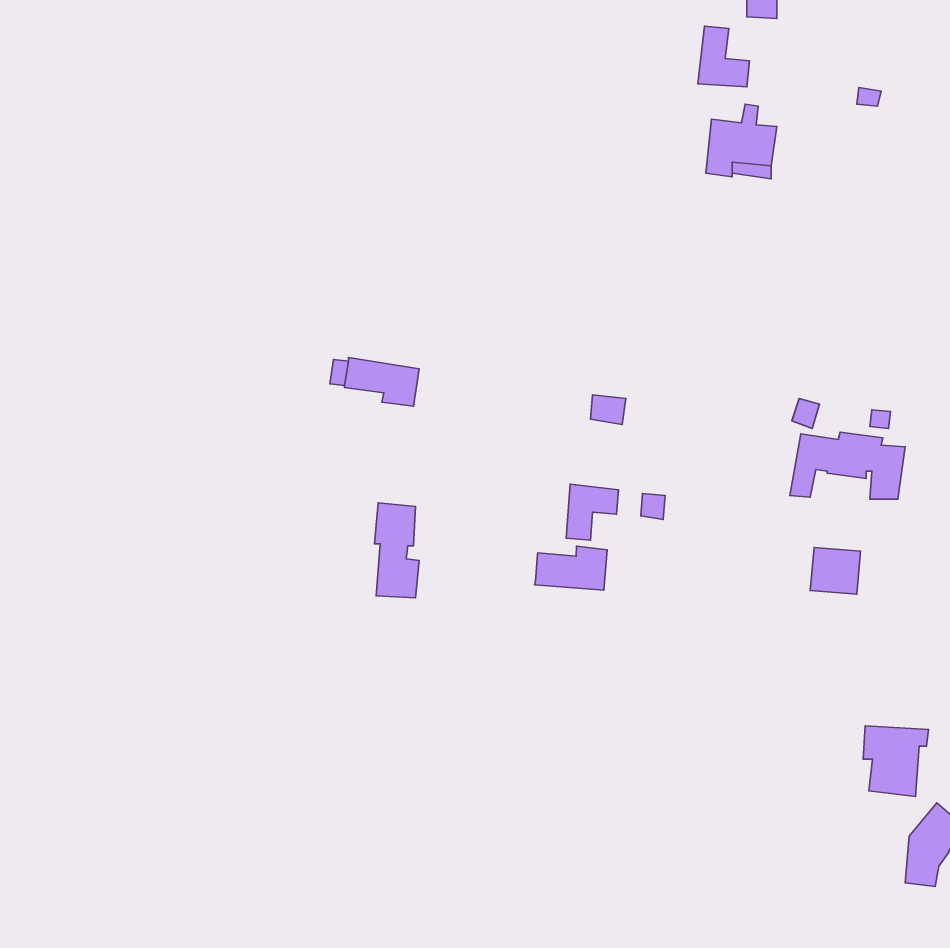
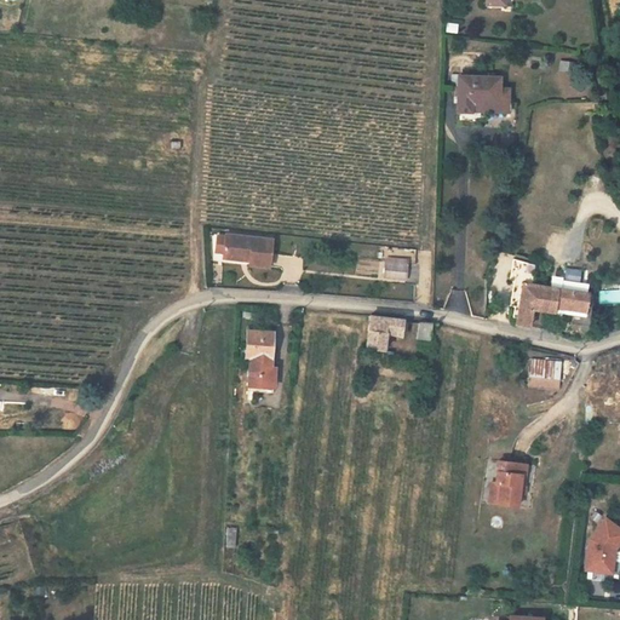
building: [698,26,750,87] -> none
building: [534,546,607,590] -> none
building: [863,726,928,797] -> [489,464,532,510]

